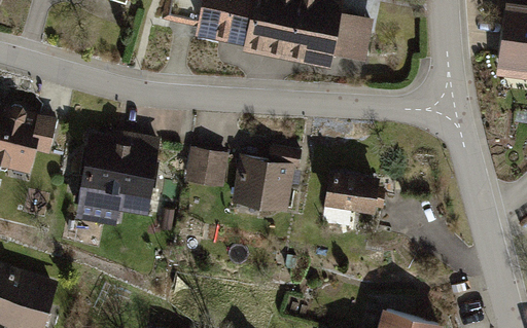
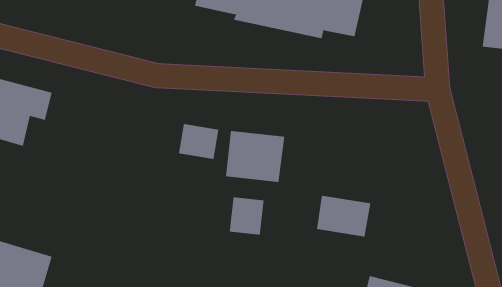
building: [76,138,159,217] -> none
building: [324,172,381,215] -> [316,195,371,237]
building: none -> [229,196,264,236]

